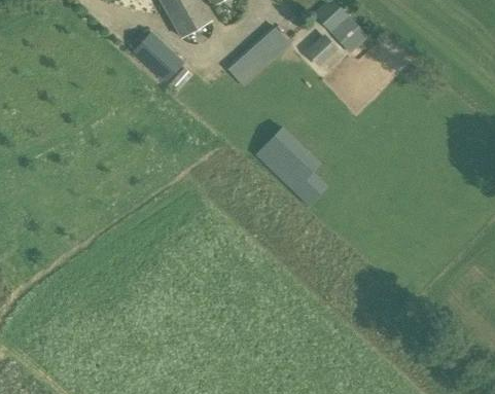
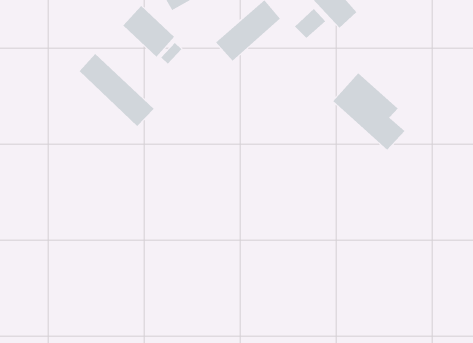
building: none -> [79,53,155,127]
building: [254,127,327,205] -> [333,72,406,151]

